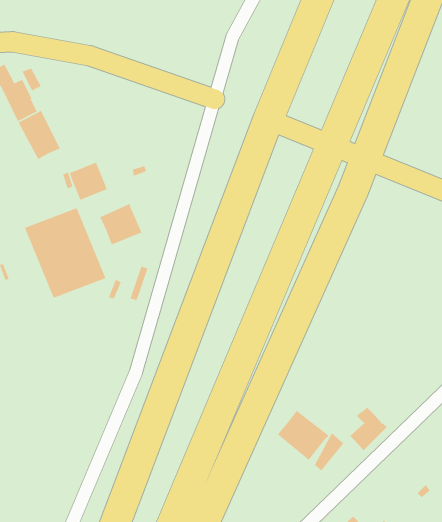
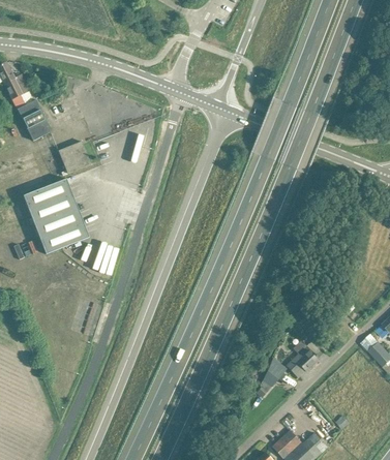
building: [99,202,142,245] -> none
building: [277,410,330,461] -> none

